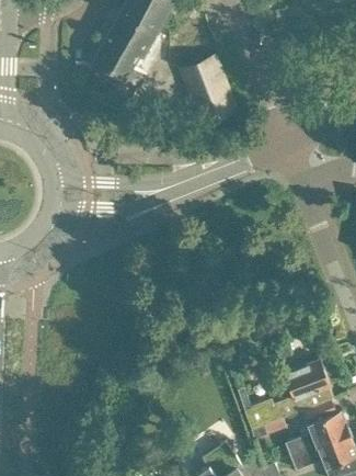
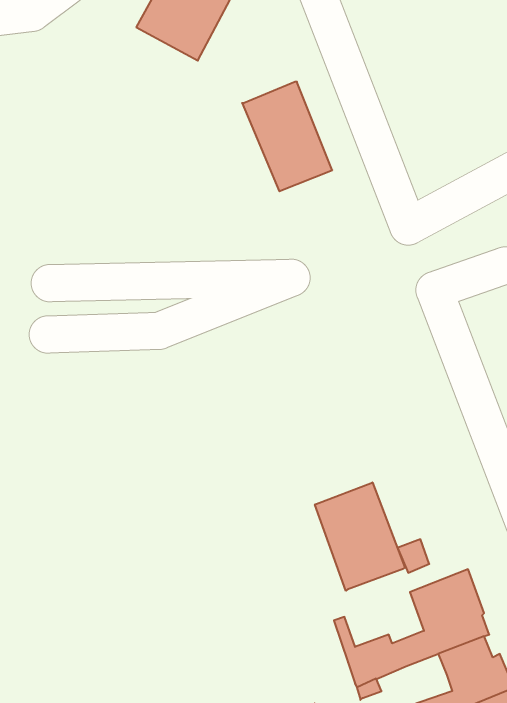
building: [92,22,152,105] -> none
building: none -> [315,482,405,591]

